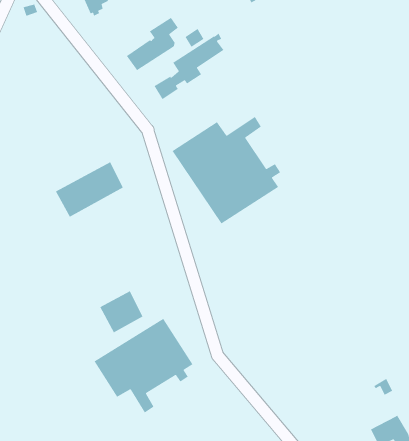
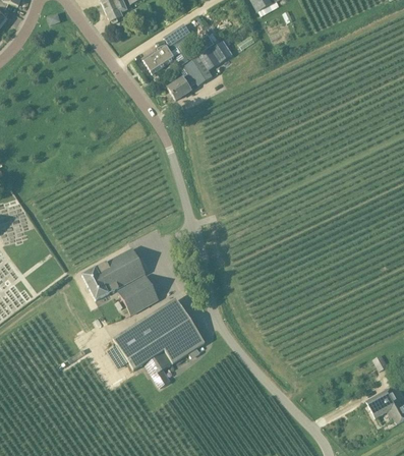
building: [172,116,281,225] -> none
building: [55,161,124,218] -> [81,247,145,299]

